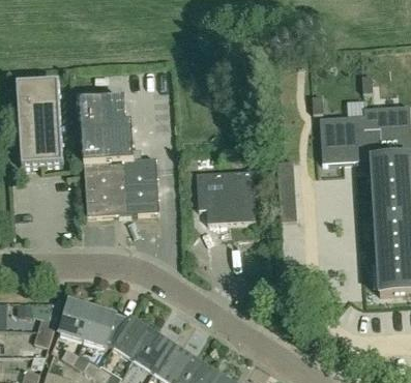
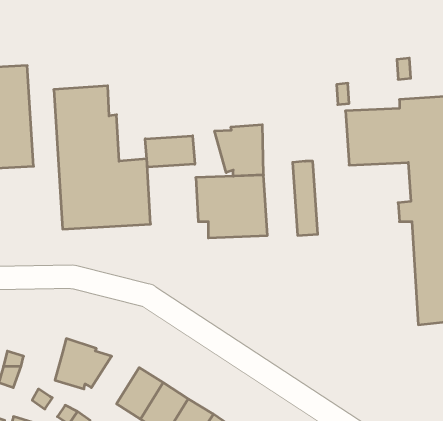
building: none -> [215,125,263,176]
building: none -> [145,136,195,167]
building: [58,298,90,340] -> none
building: [111,316,150,359] -> none

